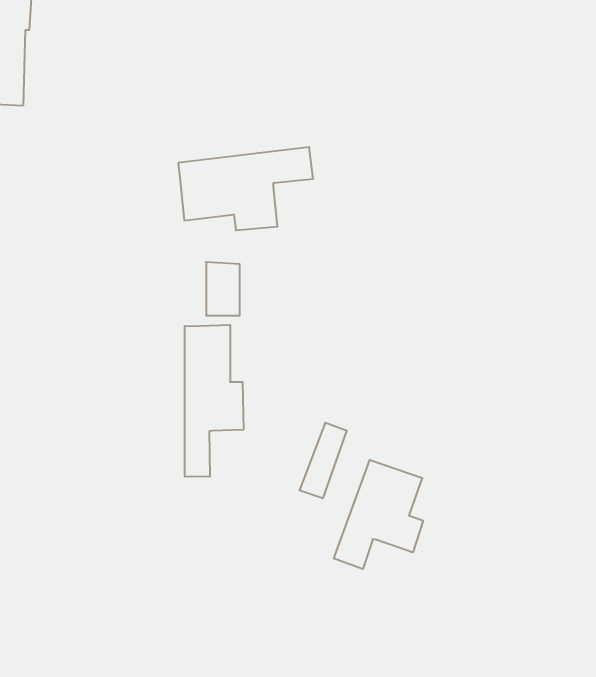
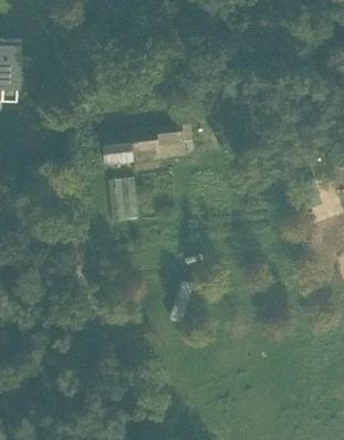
building: [185,325,243,477] -> none
building: [334,460,423,569] -> none

